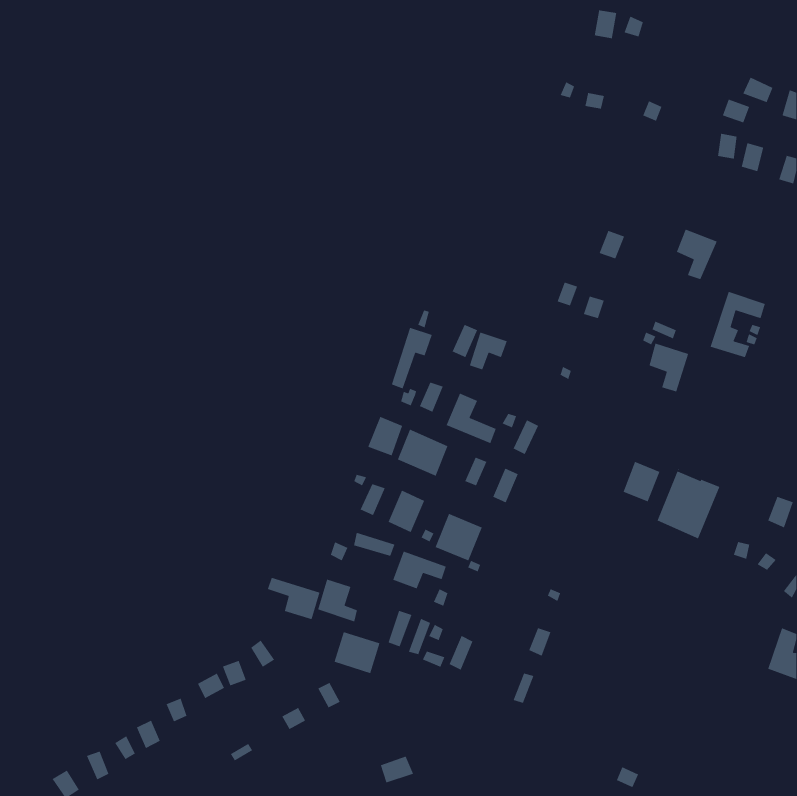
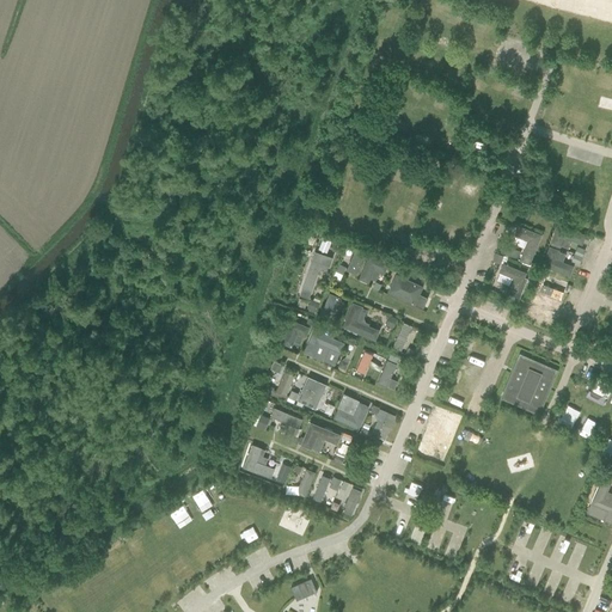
building: [676,229,718,280] -> [510,226,543,265]
building: none -> [387,275,428,308]
building: [622,461,660,503] -> none
building: none -> [423,412,452,453]
building: [267,577,321,620] -> none
building: [333,631,380,674] -> none

